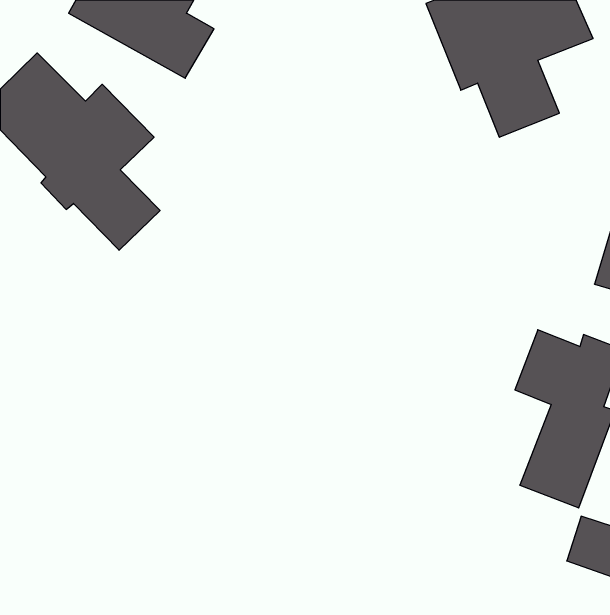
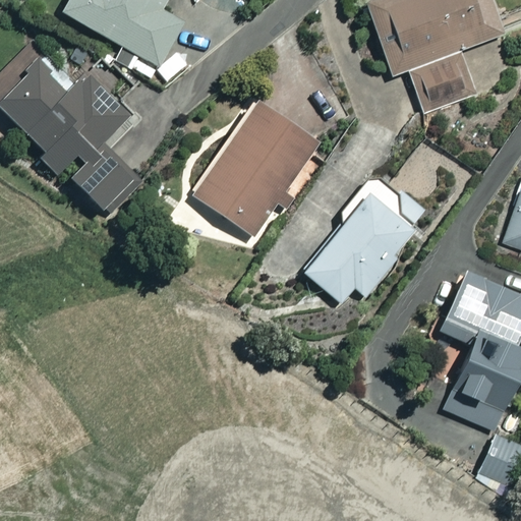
building: none -> [194,102,316,236]
building: none -> [305,172,429,303]

